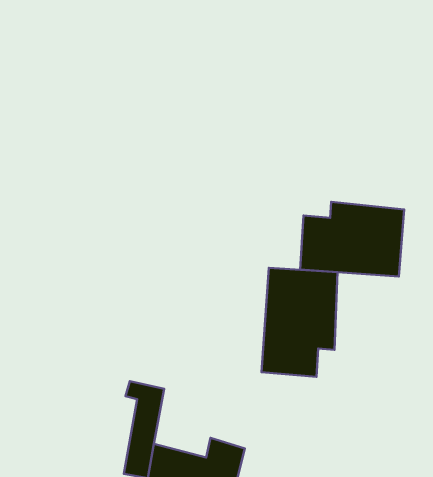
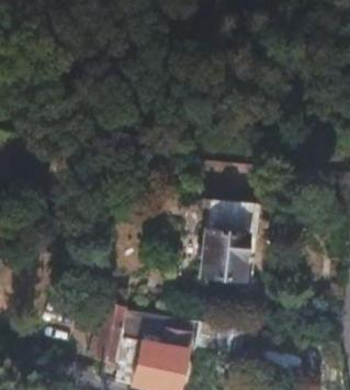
building: [300,202,404,277] -> none

